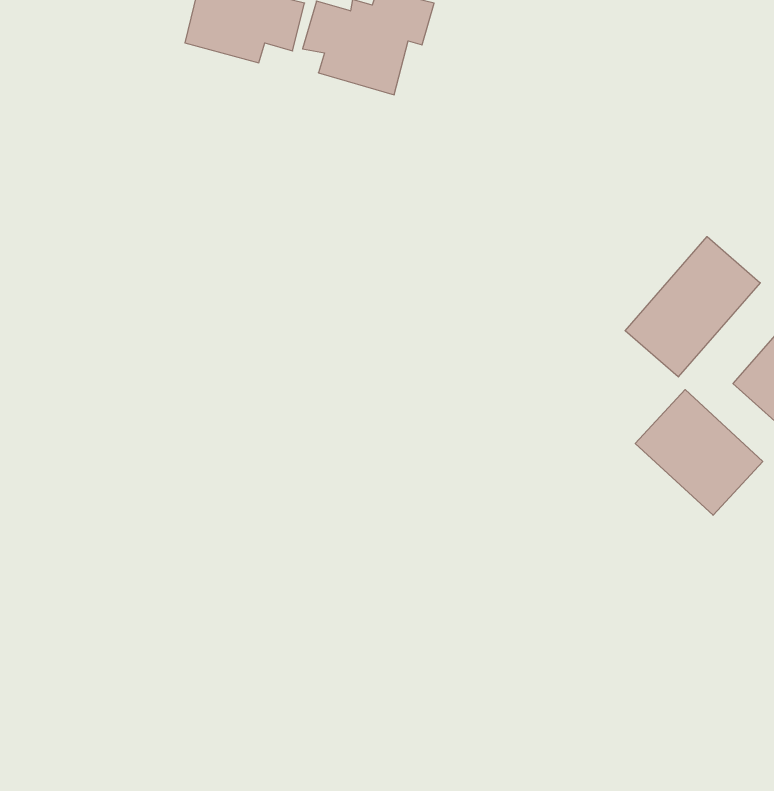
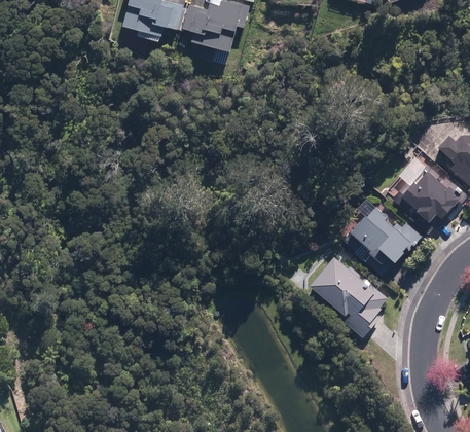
building: [625,237,760,377] -> none
building: none -> [310,254,391,332]

